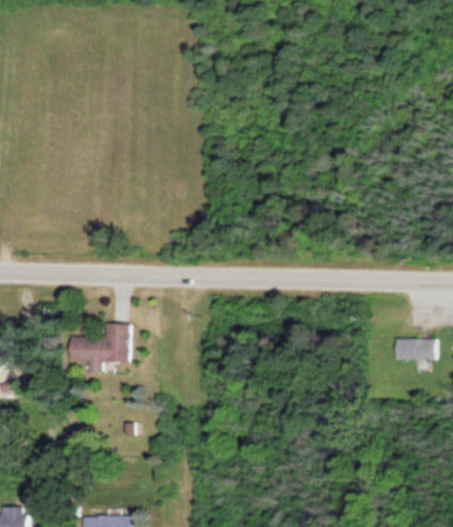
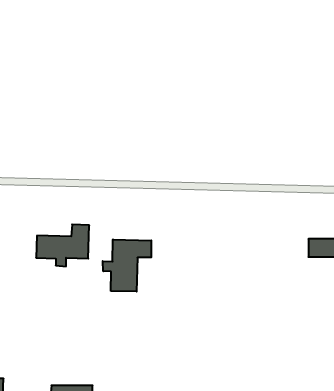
building: none -> [103,239,151,292]

